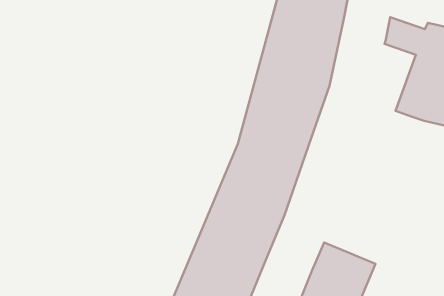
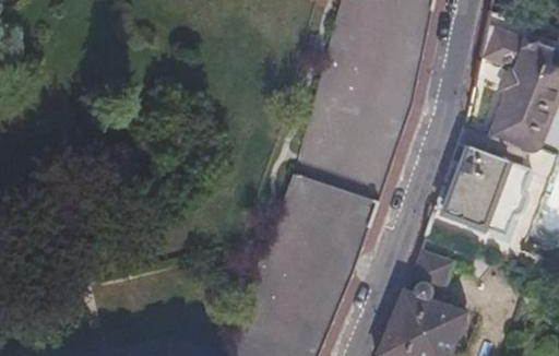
building: none -> [442,141,531,234]
building: none -> [408,248,451,289]

